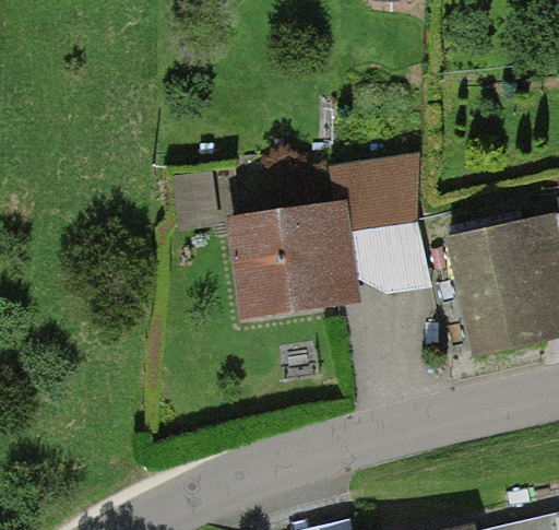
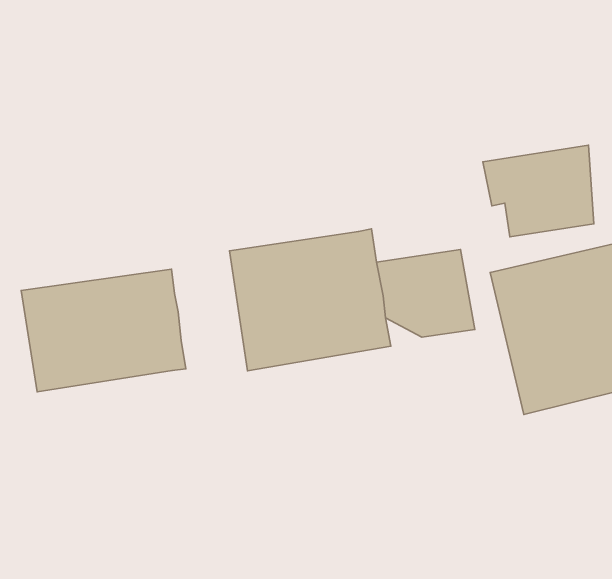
building: [328,152,421,229] -> [483,145,594,237]
building: none -> [21,269,186,392]

